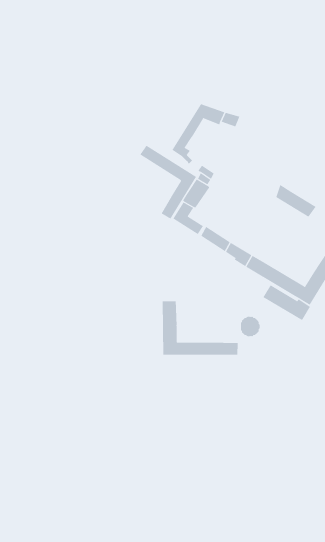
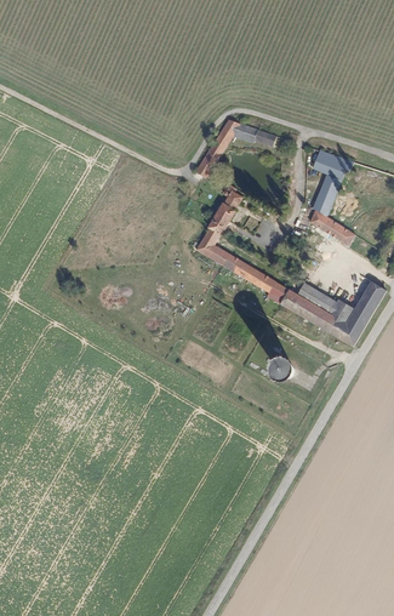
building: none -> [308,147,355,215]
building: [140,145,197,220] -> none
building: [263,284,311,321] -> [299,283,354,324]
building: [162,301,238,355] -> none

